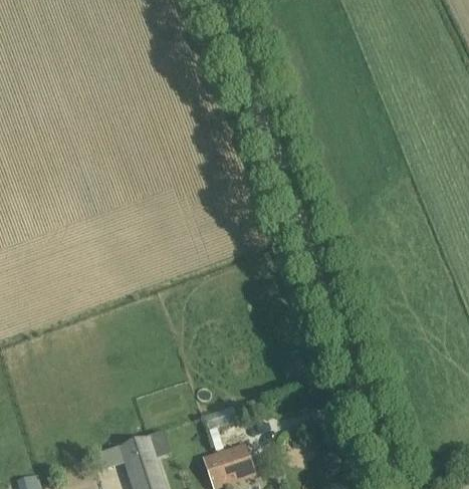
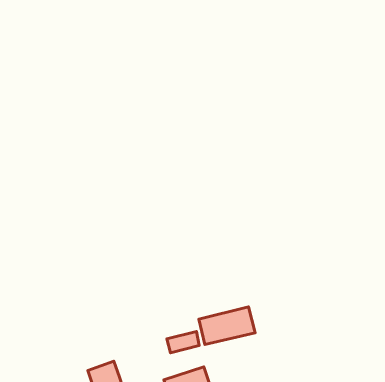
building: none -> [199,307,255,344]

